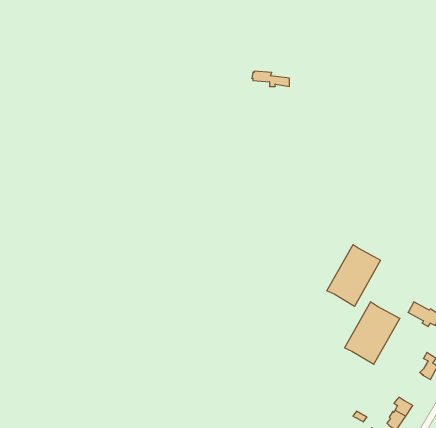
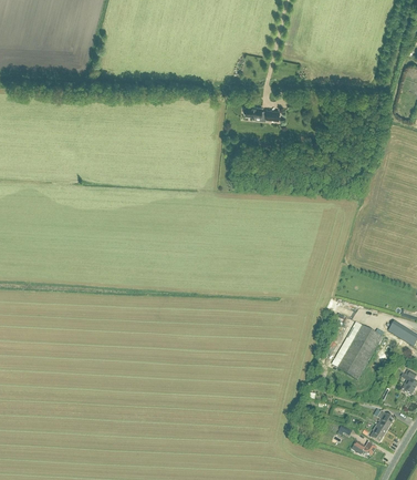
building: [327,245,380,306] -> none

